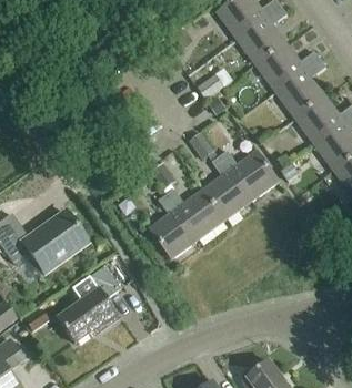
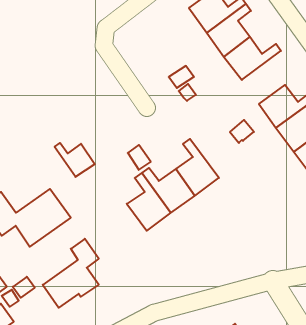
building: [276,58,325,116] -> none
building: [219,149,278,198] -> none
building: none -> [55,143,95,177]

